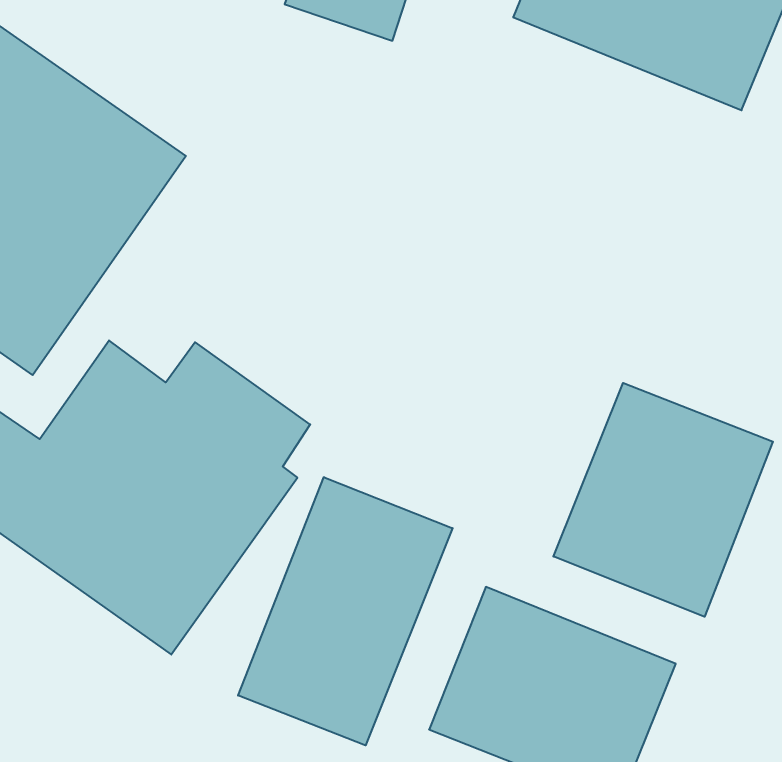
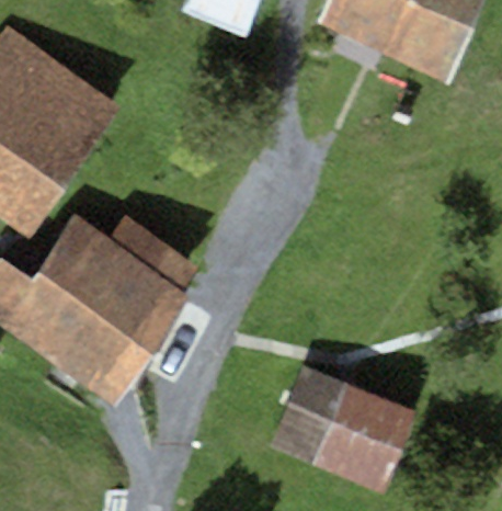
building: [553,383,773,617] -> none
building: [238,477,453,745] -> none

